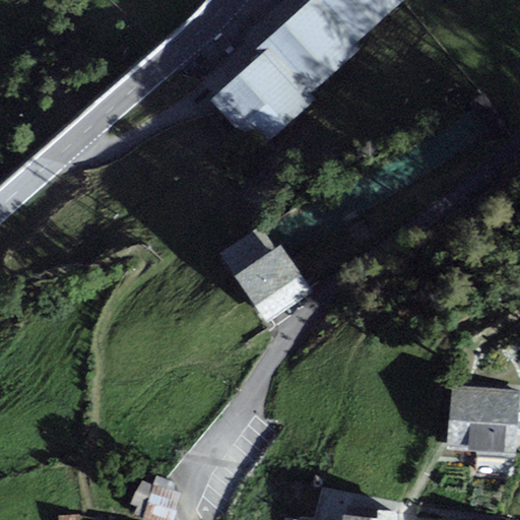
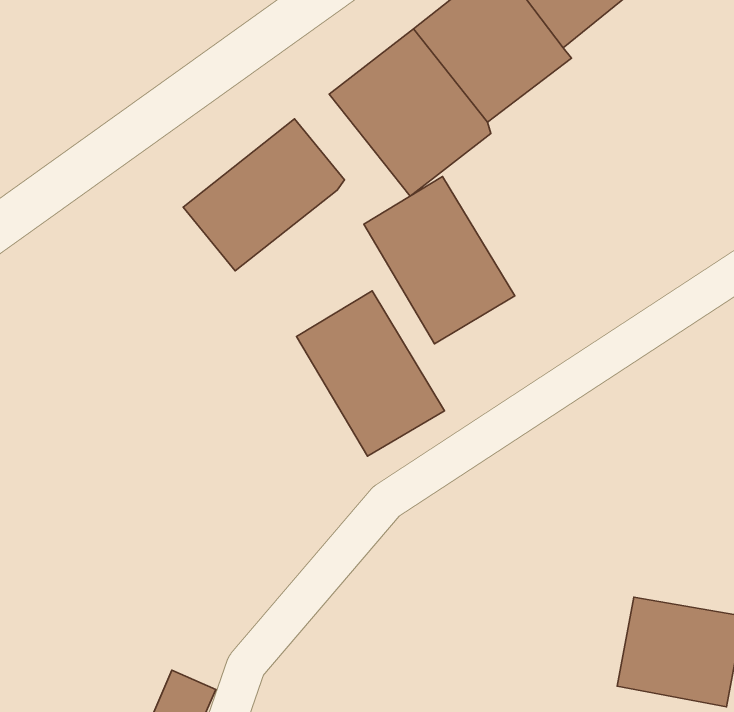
building: none -> [183,119,345,271]
building: none -> [364,177,515,344]

